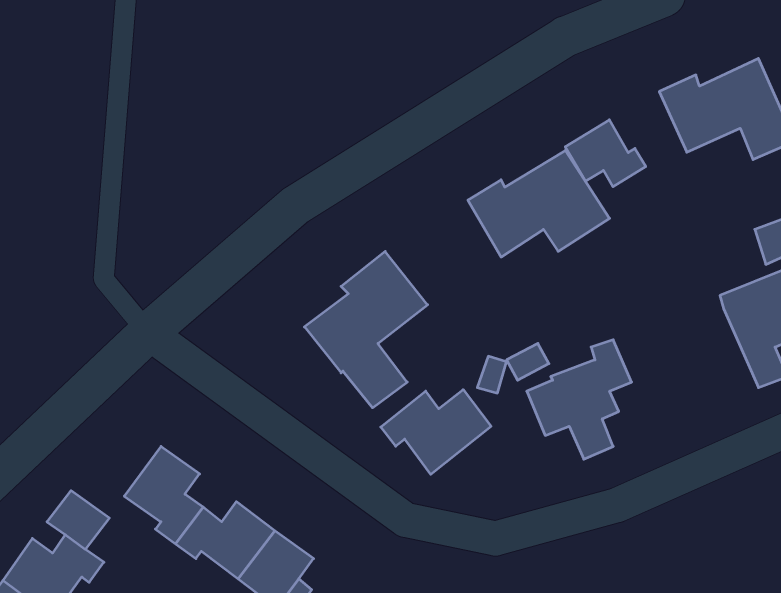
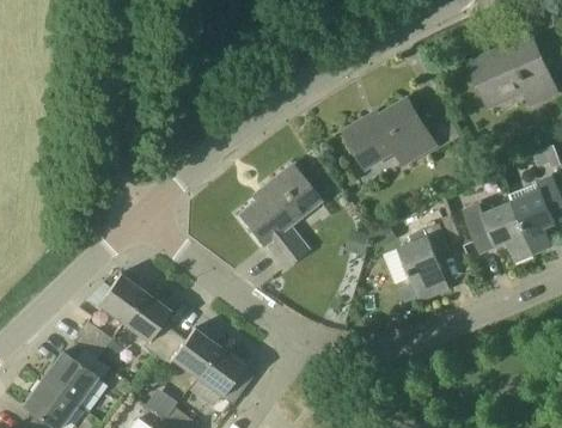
building: [565,120,646,187] -> none
building: none -> [466,203,534,263]
building: [381,390,491,474] -> none
building: none -> [97,274,146,325]

